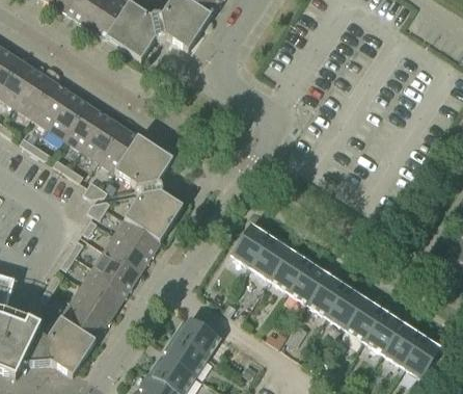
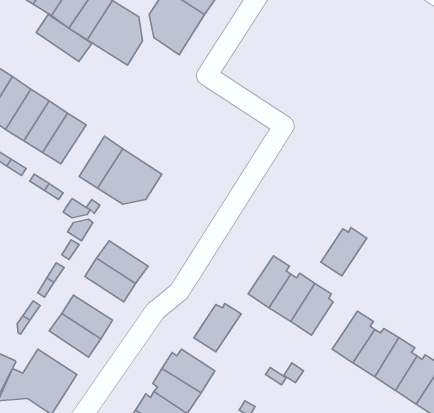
building: none -> [36,15,92,62]
building: [81,114,120,161] -> none
building: [125,191,183,242] -> none
building: [230,224,273,267] -> [194,303,241,352]
building: [92,252,138,291] -> none
building: [307,273,349,317] -> [321,228,367,276]
building: [60,300,106,340] -> none

